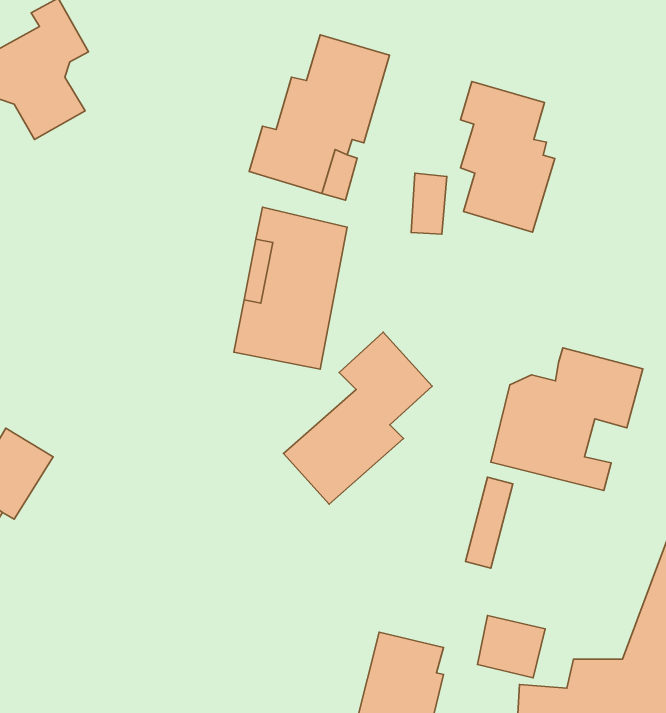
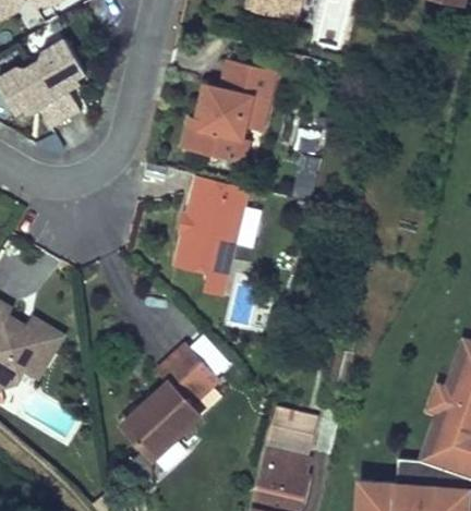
building: [460,81,555,232] -> none
building: [283,332,432,504] -> [120,342,216,453]
building: [491,348,643,491] -> none
building: [477,615,545,678] -> [274,409,317,449]

